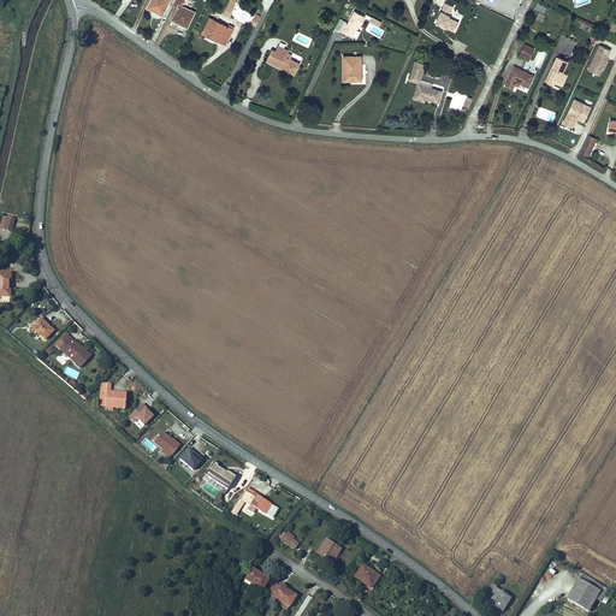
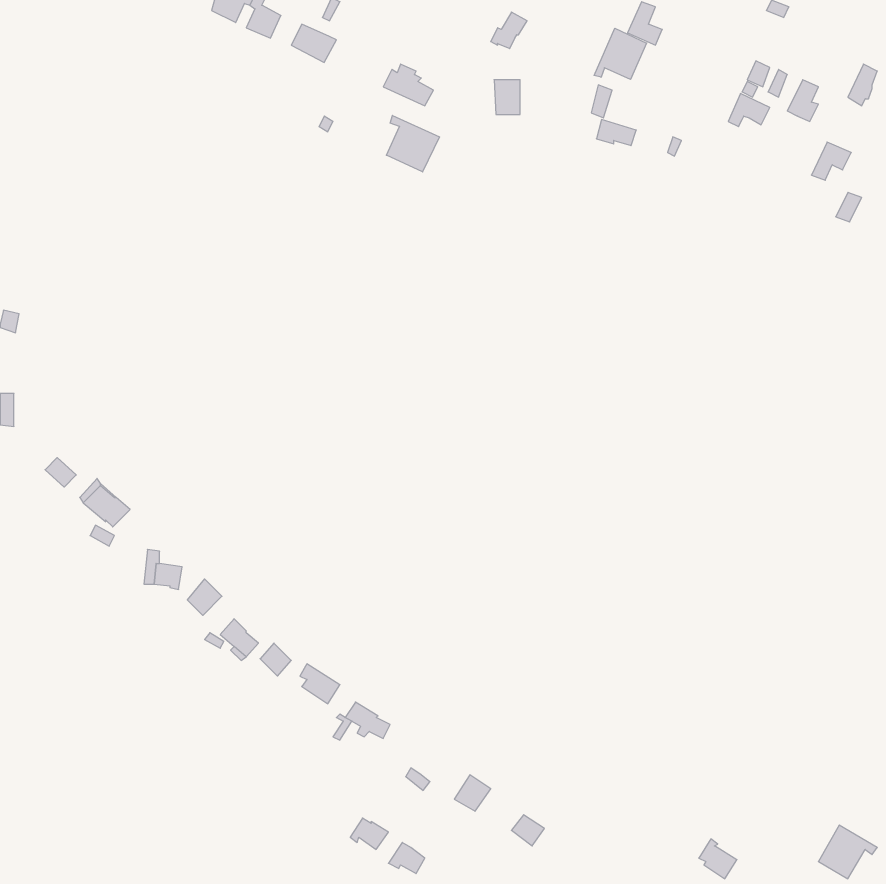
building: none -> [594,28,647,79]
building: none -> [386,115,439,172]

